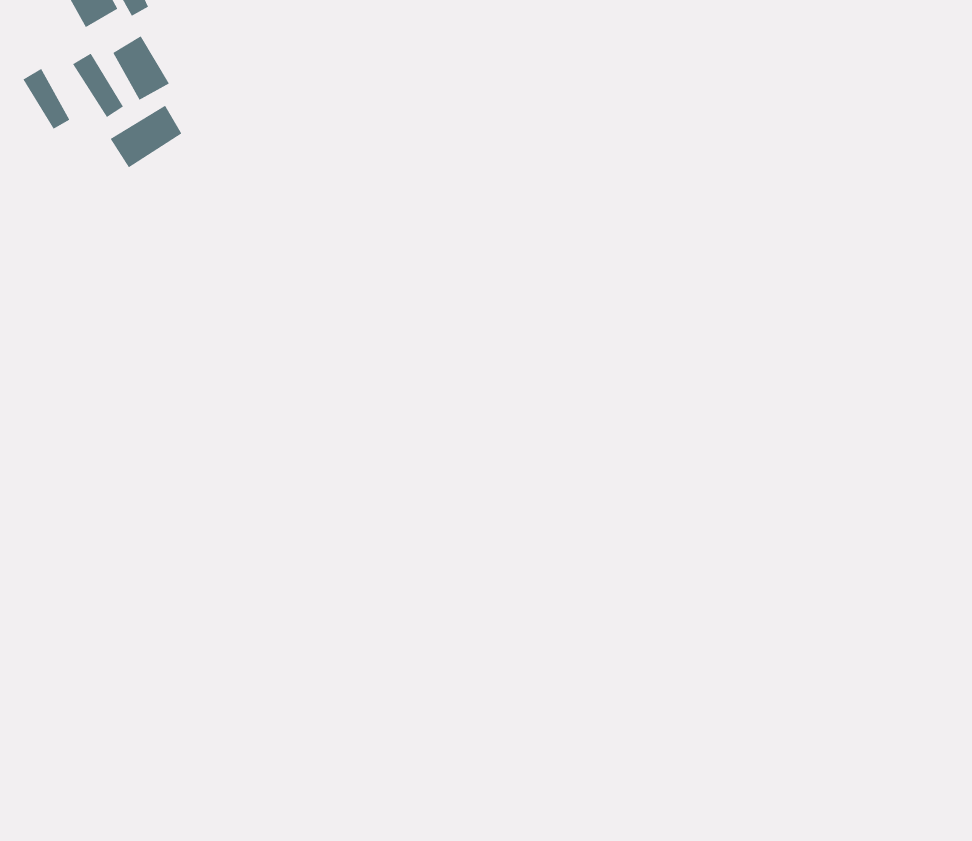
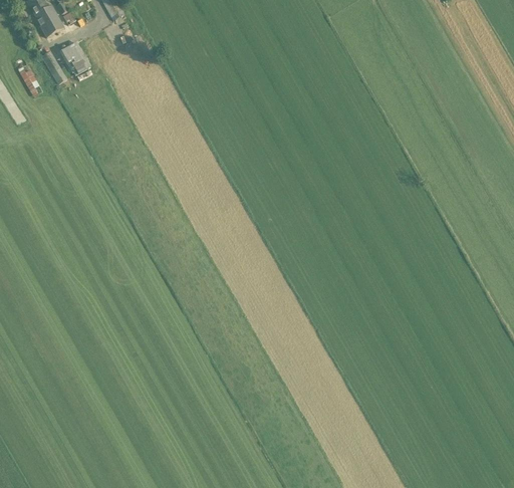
building: [110,105,182,168] -> none

